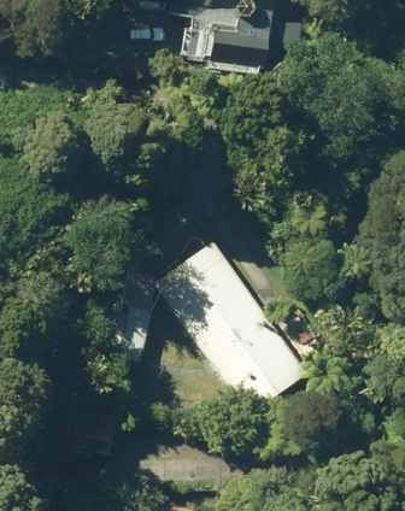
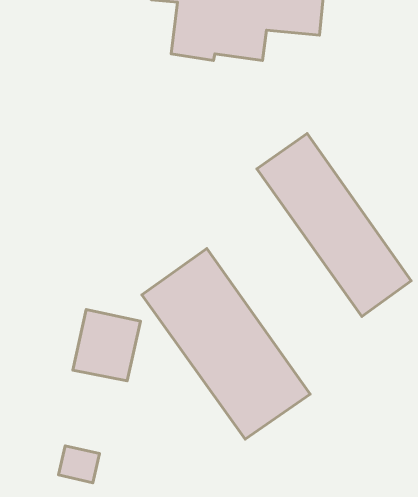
building: none -> [257,134,411,317]

